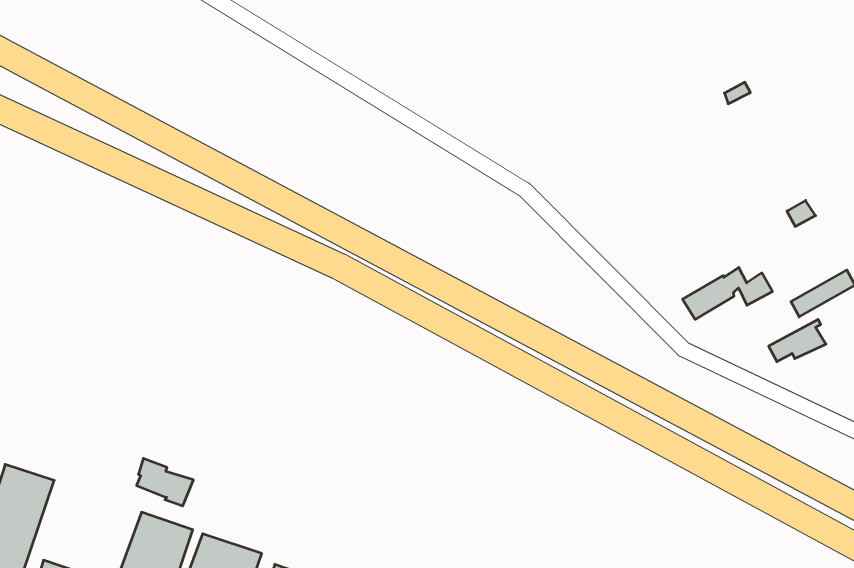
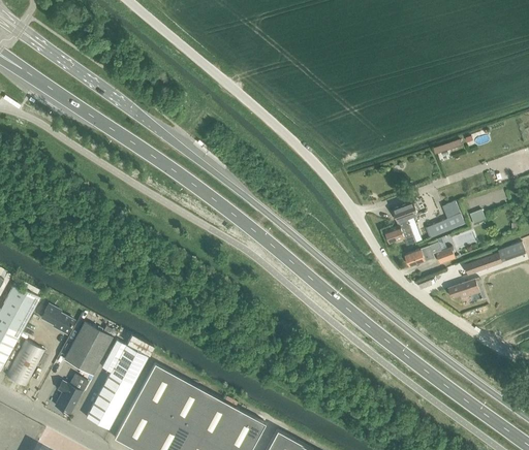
building: none -> [426,202,463,238]
building: none -> [384,202,422,247]
building: [137,458,193,506] -> [41,304,73,334]

